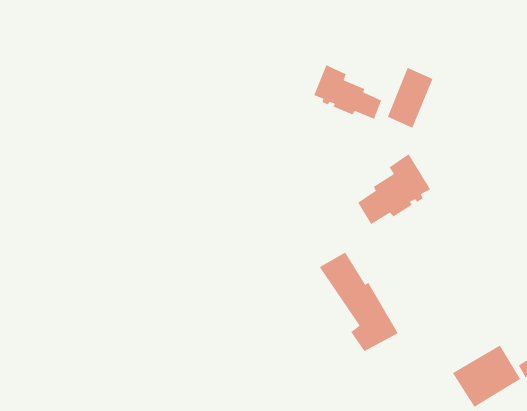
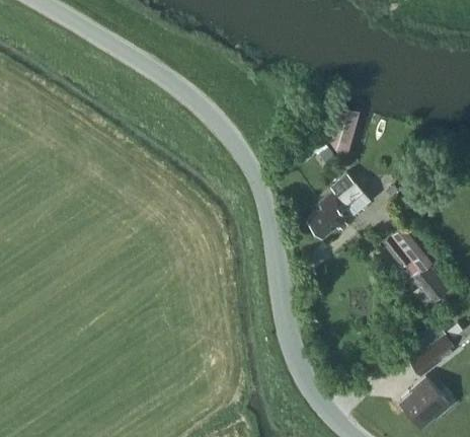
building: [313,64,382,120] -> none
building: [319,251,399,352] -> [381,228,452,308]

